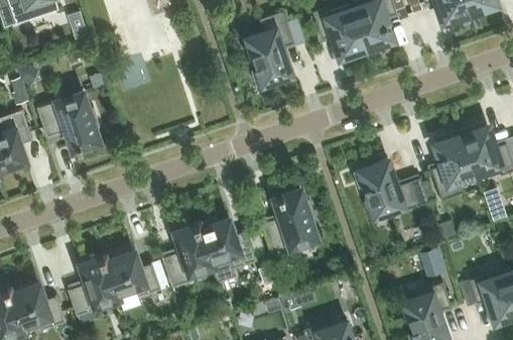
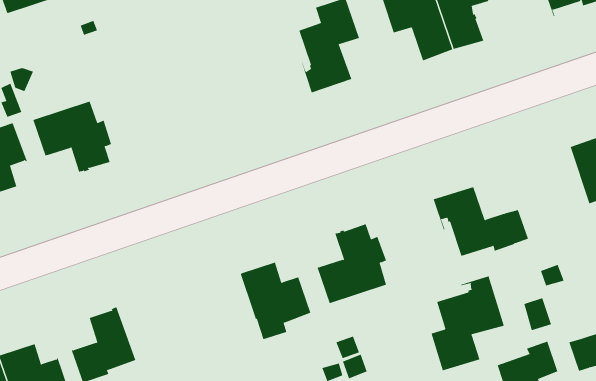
building: [430,128,476,199] -> none
building: [161,222,212,287] -> none
building: none -> [431,275,504,371]
building: [103,251,160,297] -> none

